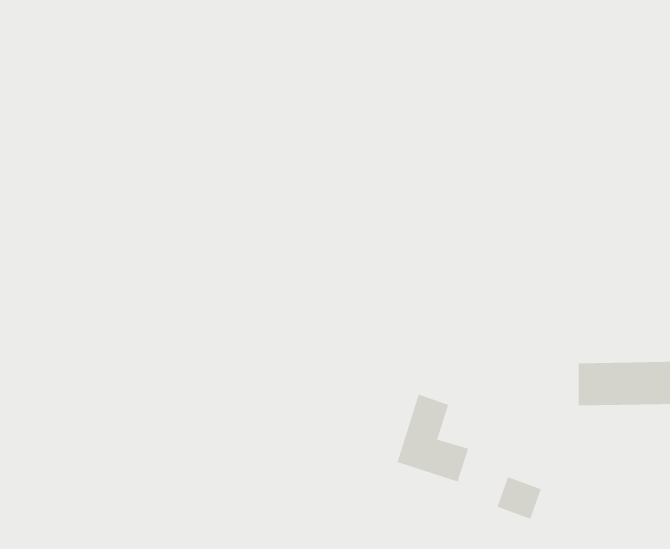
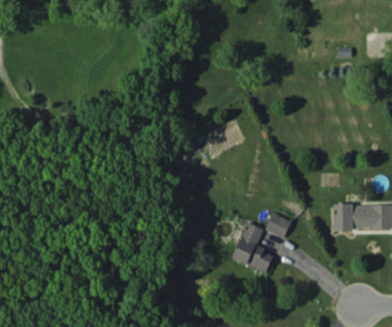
building: [496,476,542,520] -> [265,213,290,237]

